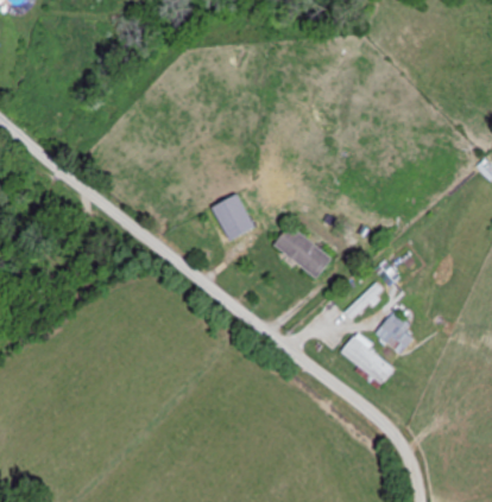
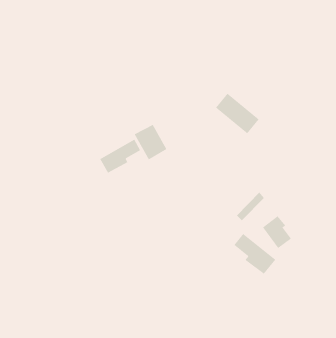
building: none -> [99,139,141,174]
building: [275,224,332,278] -> [215,93,260,134]

